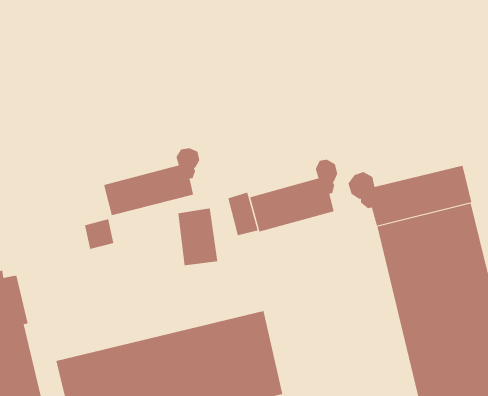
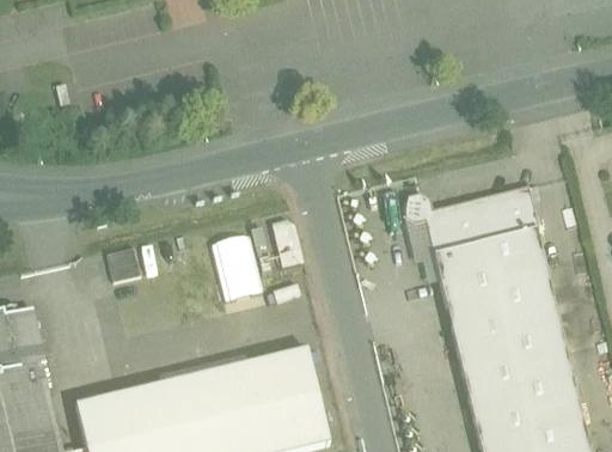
building: [103,147,200,217] -> none
building: [250,159,338,234] -> none

